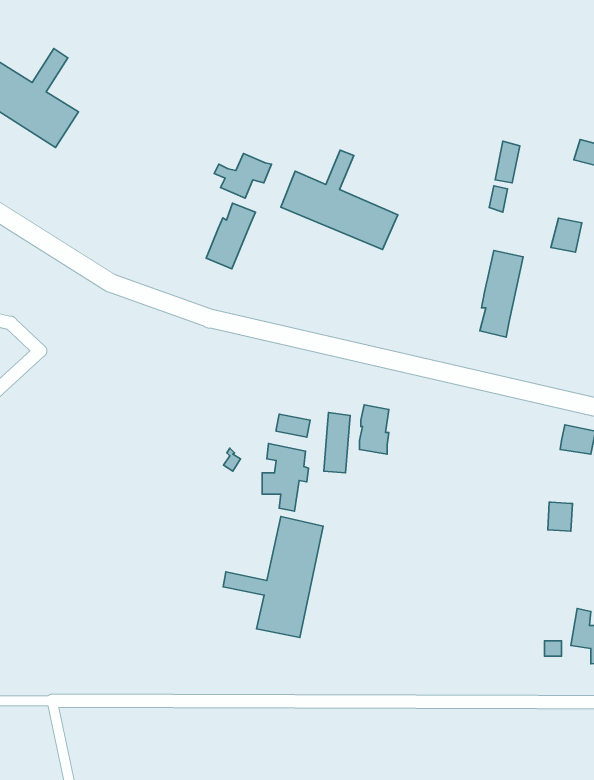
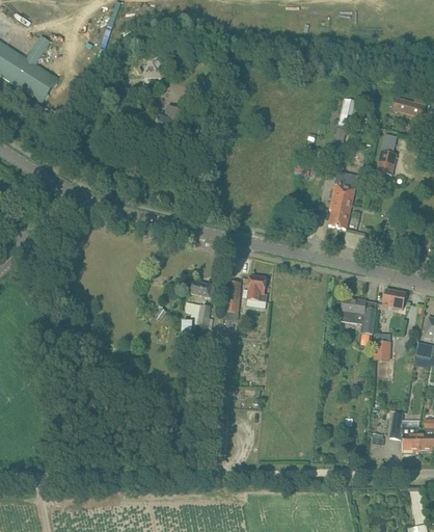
building: [281,150,398,250] -> none
building: [206,203,255,269] -> none
building: none -> [338,295,376,334]
building: [223,517,323,637] -> none

